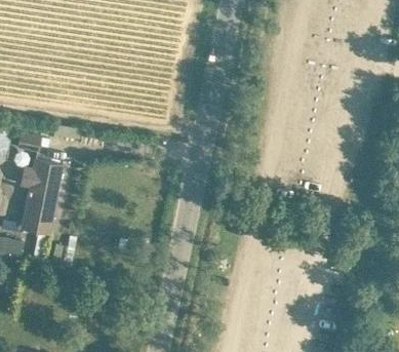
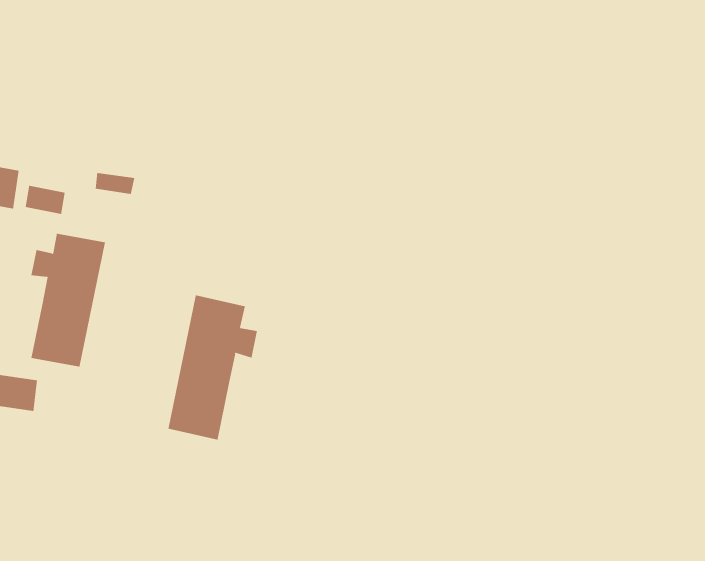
building: none -> [168,294,257,441]

